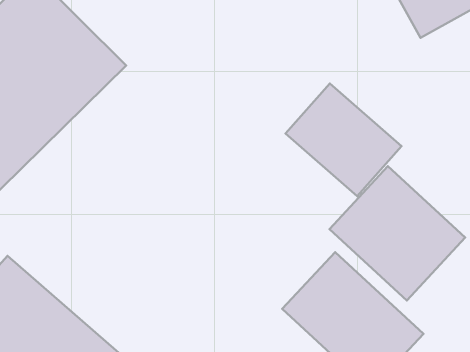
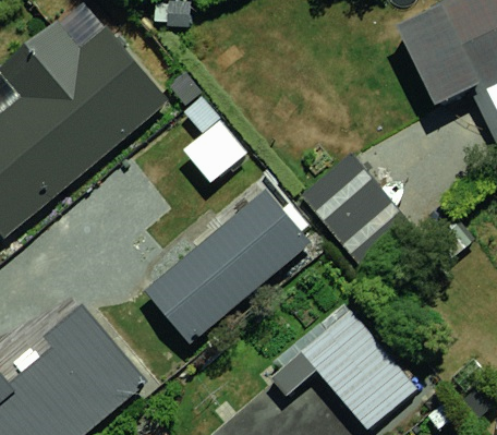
building: none -> [141,184,315,345]
building: [330,166,465,300] -> none

